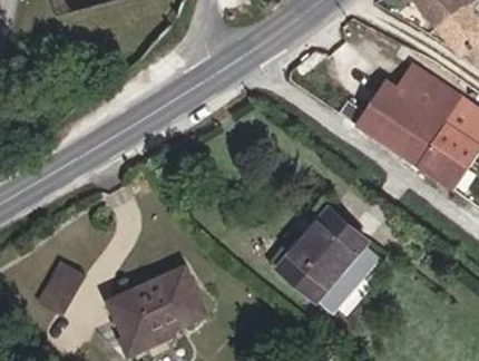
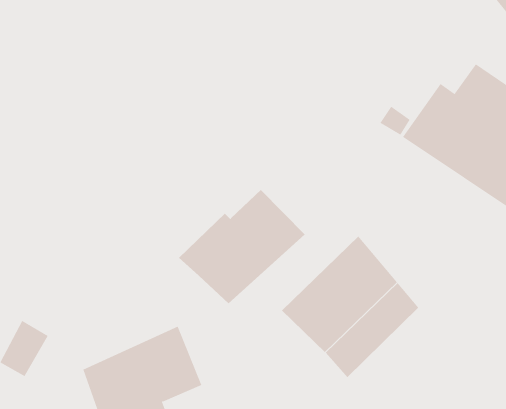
building: none -> [178,189,306,304]

